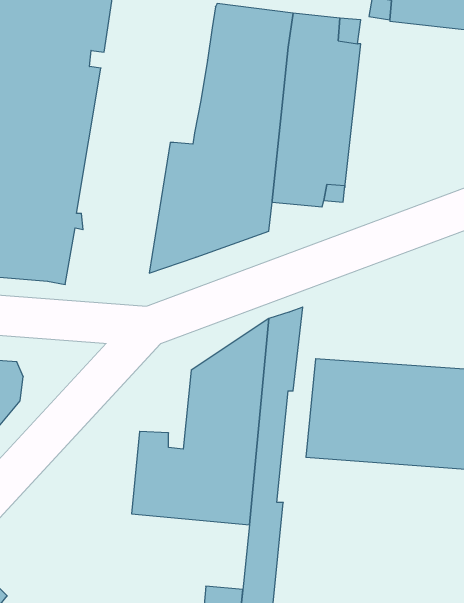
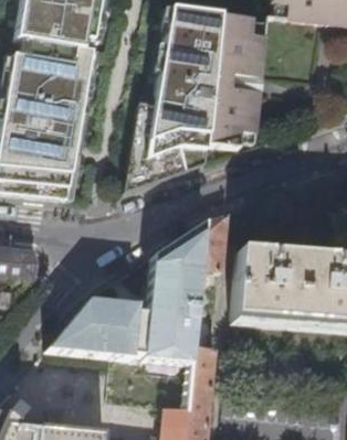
building: none -> [45,298,117,355]

